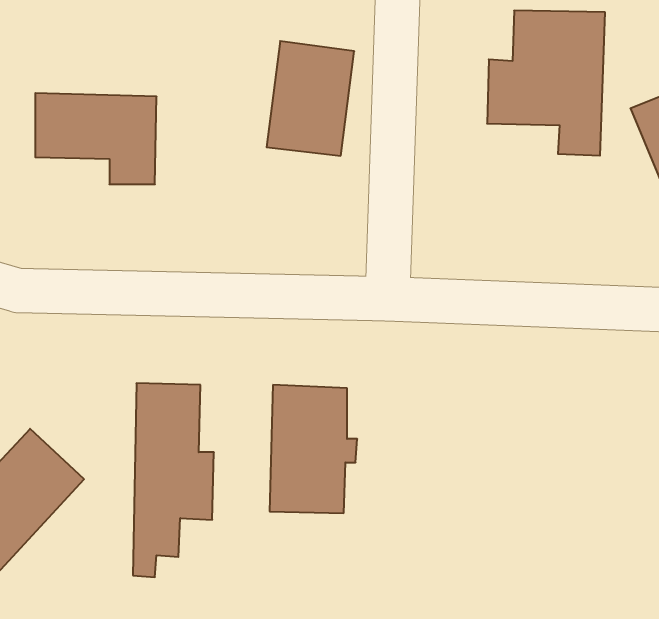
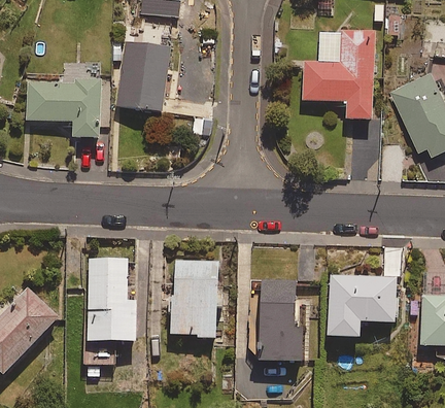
building: [267,41,354,156] -> [116,40,170,110]
building: none -> [330,275,397,339]
building: none -> [260,279,303,361]

